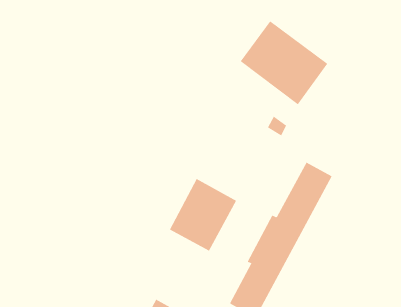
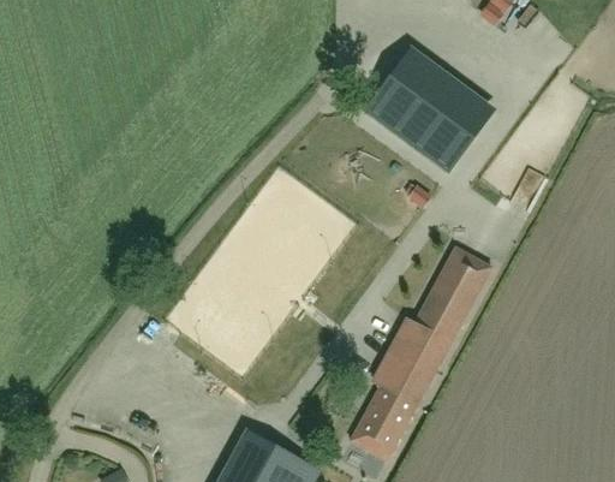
building: [169,178,237,252] -> none

